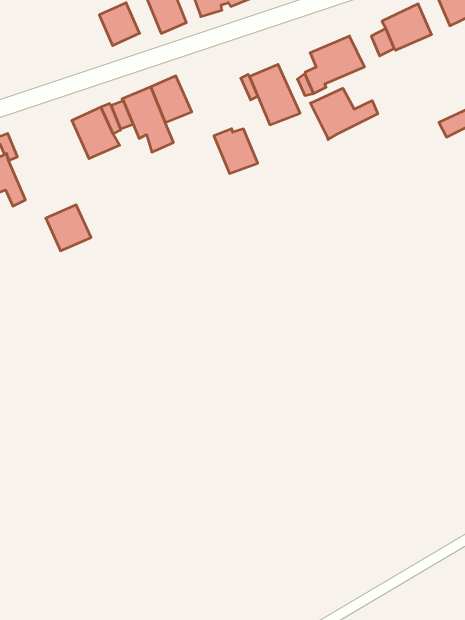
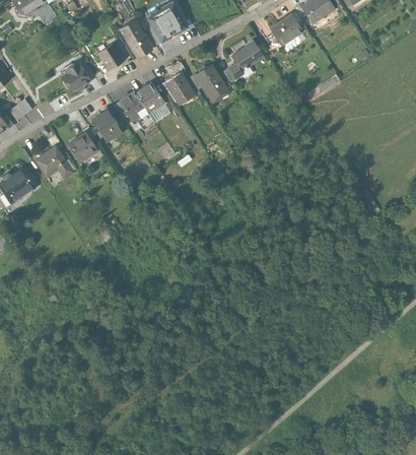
building: none -> [62,62,89,91]
building: [310,88,378,140] -> none
building: [214,129,258,173] -> [165,76,195,105]
building: [46,205,91,251] -> [68,132,97,161]

